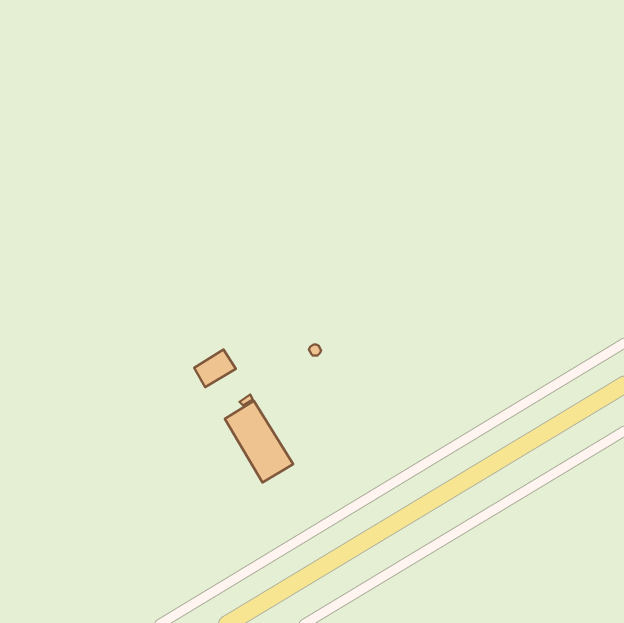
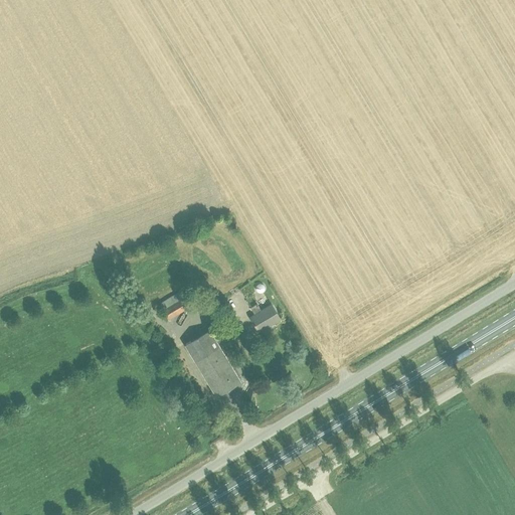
building: none -> [250,305,281,333]

